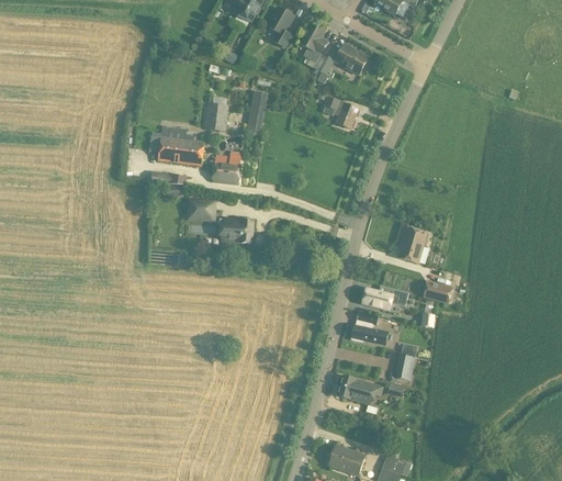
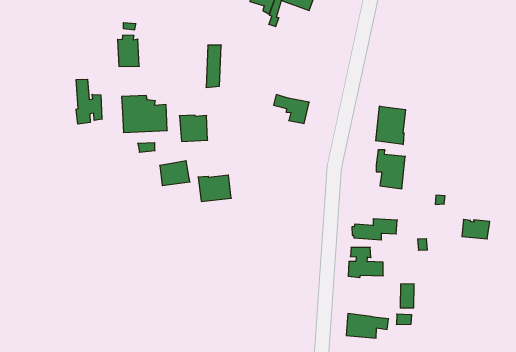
building: [323,94,358,127] -> [274,95,309,124]
building: [204,98,227,131] -> [118,35,139,66]
building: none -> [76,79,102,124]
building: none -> [376,106,406,145]
building: [423,280,452,303] -> [462,219,490,239]

